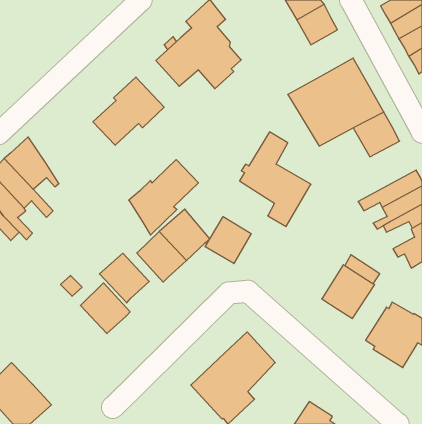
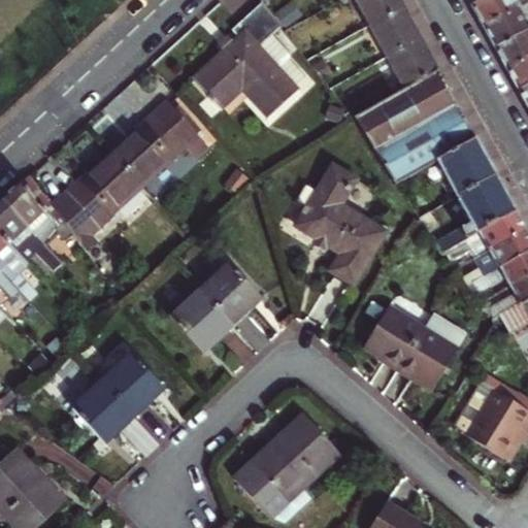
building: none -> [387,37,439,91]
building: none -> [438,175,518,251]
building: [129,160,198,235] -> [57,152,143,245]
building: [205,217,251,264] -> none
building: none -> [362,304,427,371]
building: [99,253,149,303] -> [71,380,133,441]

